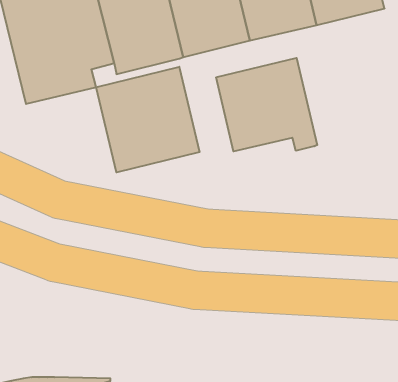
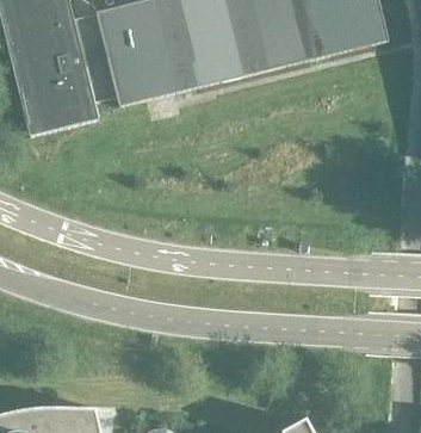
building: [216,58,317,151] -> none
building: [96,67,200,172] -> none

